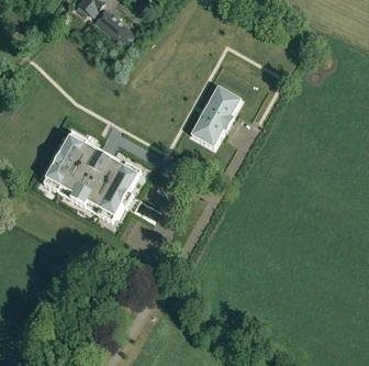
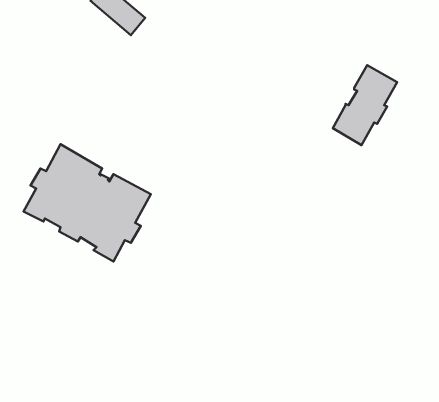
building: [191,86,241,147] -> [333,65,397,145]

